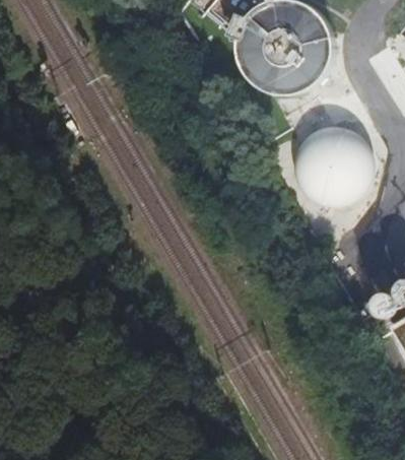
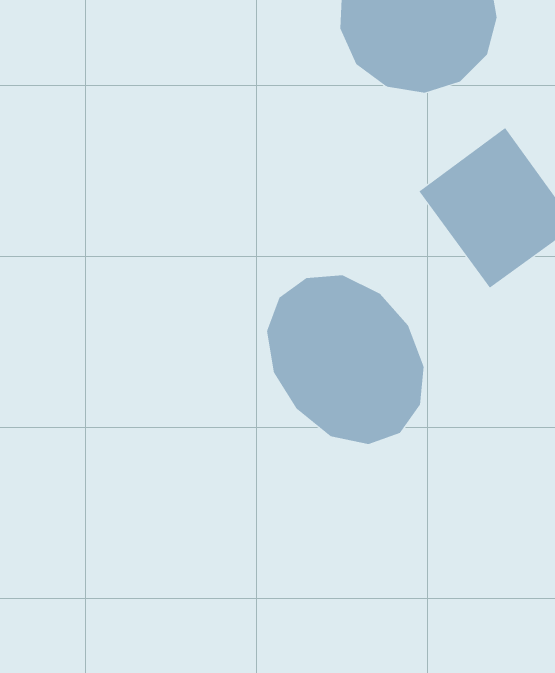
building: none -> [267,274,424,445]

